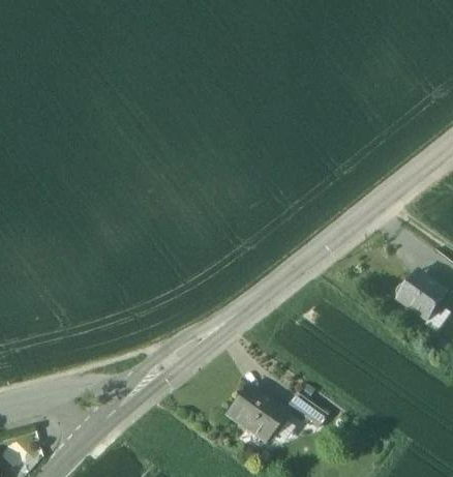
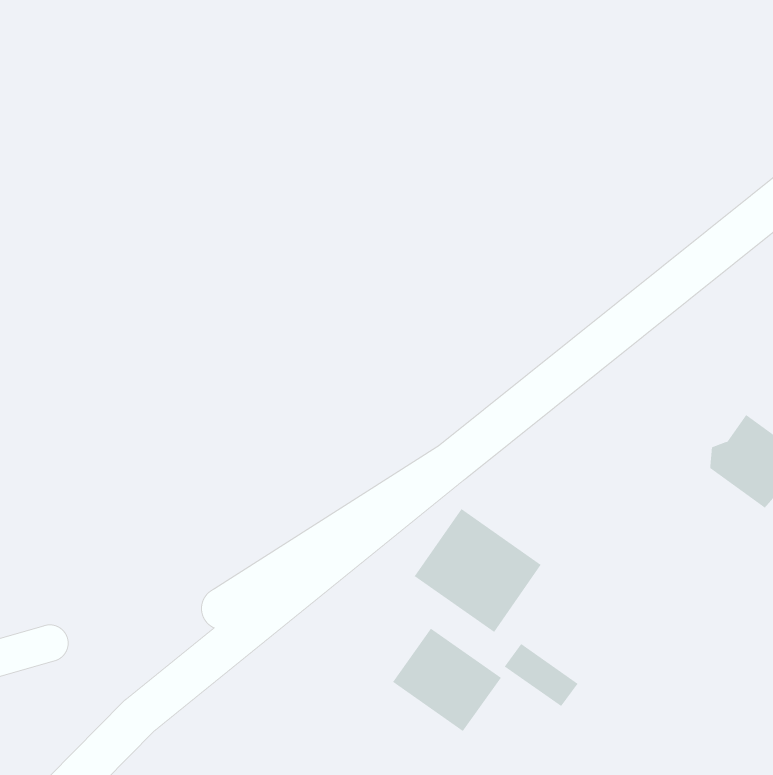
building: none -> [414,508,541,633]

